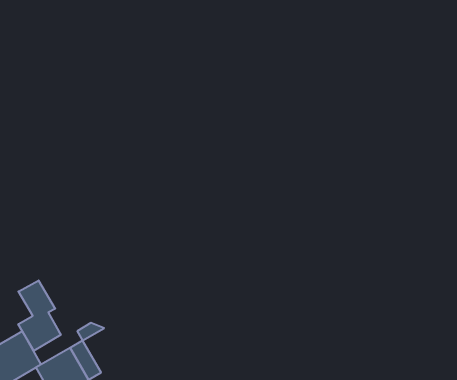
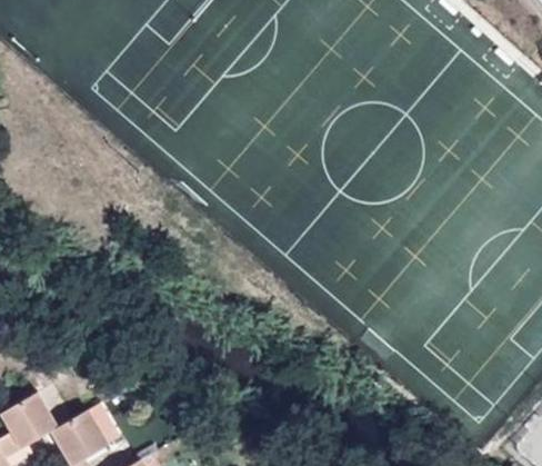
building: [18,280,61,351] -> none

